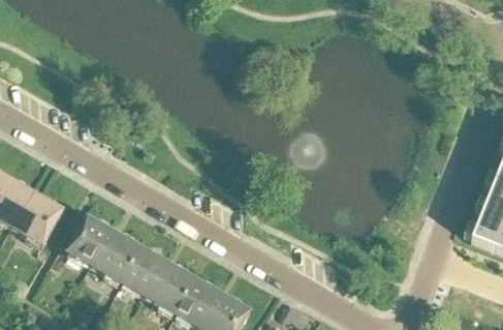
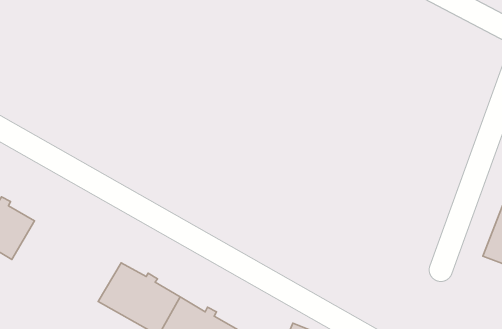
building: [67,216,142,282] -> none

